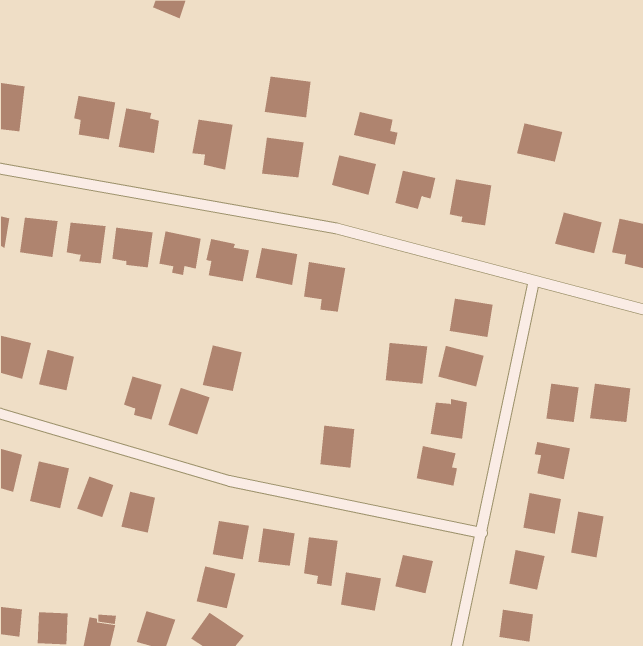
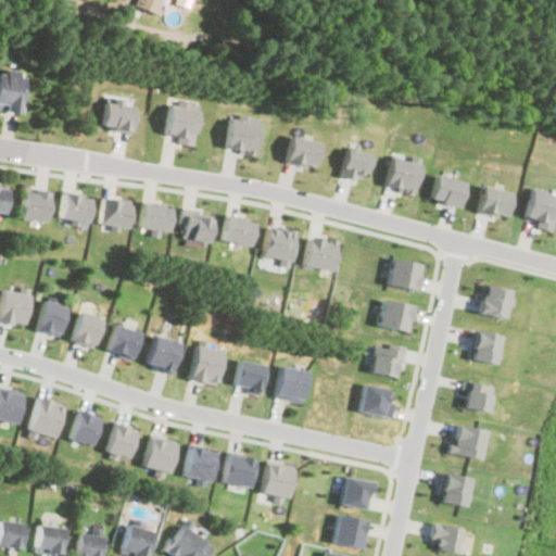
building: [264,76,311,118] -> none
building: [74,95,116,140] -> none
building: [353,111,398,145] -> none
building: [516,123,563,162] -> [433,174,473,207]
building: [385,342,428,384] -> [305,236,342,271]
building: [202,345,242,392] -> [191,345,226,386]
building: none -> [73,311,105,348]
building: [589,383,631,422] -> [479,283,515,317]
building: none -> [237,359,268,395]
building: [570,511,604,558] -> none
building: [196,566,236,609] -> [144,437,179,473]
building: [340,572,382,611] -> [336,515,371,548]

